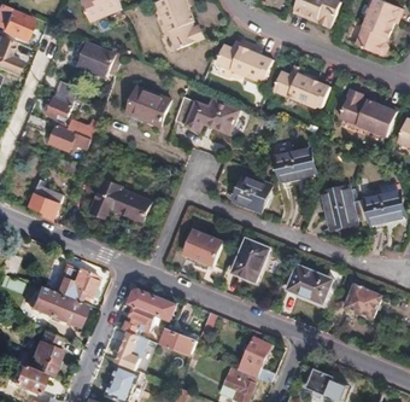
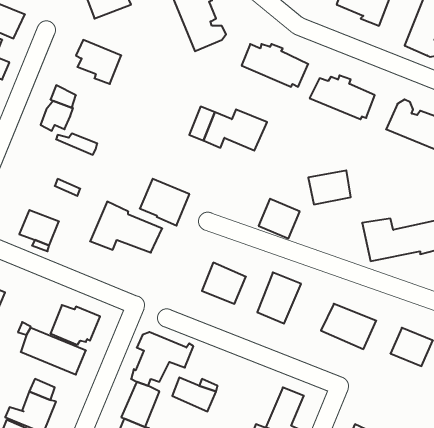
building: [128,87,170,127] -> [140,179,189,226]
building: [51,126,92,150] -> none

